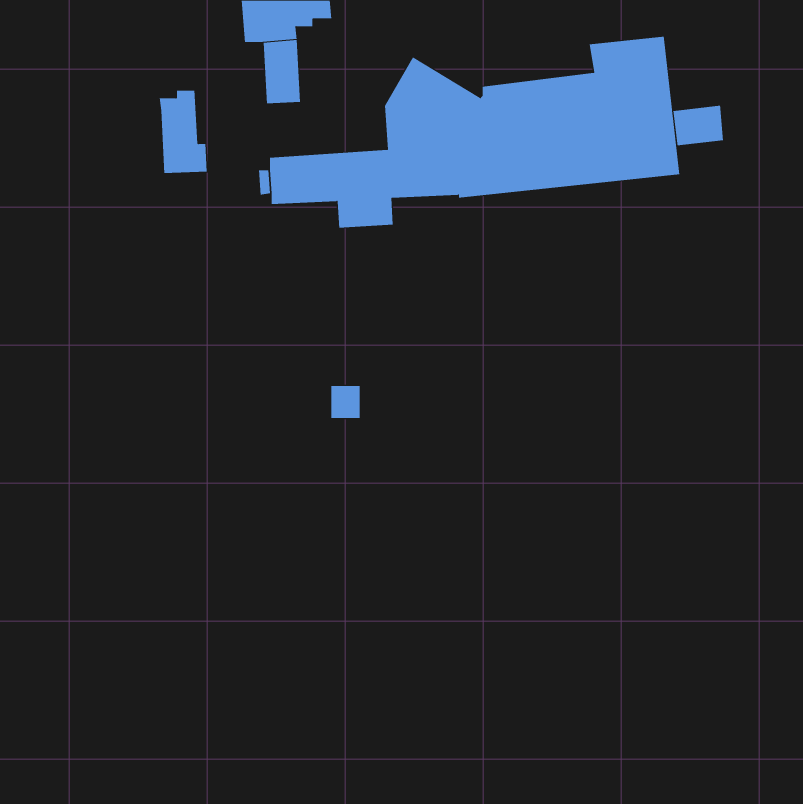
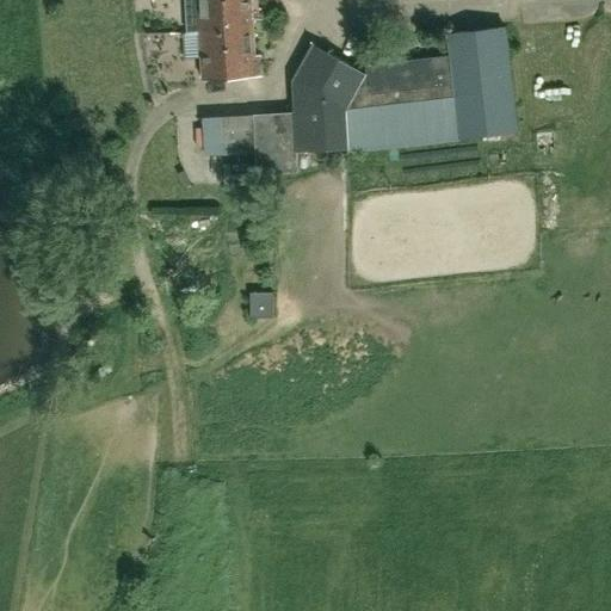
building: [159,90,208,173] -> [224,14,261,78]
building: [673,105,724,146] -> none

